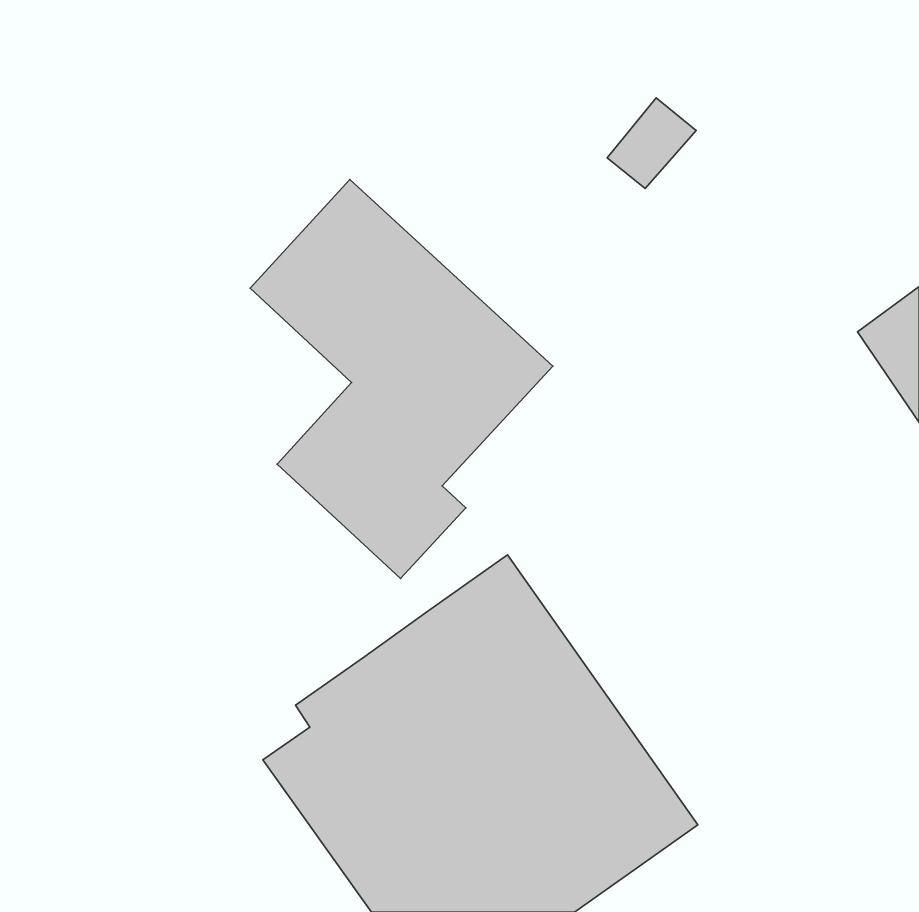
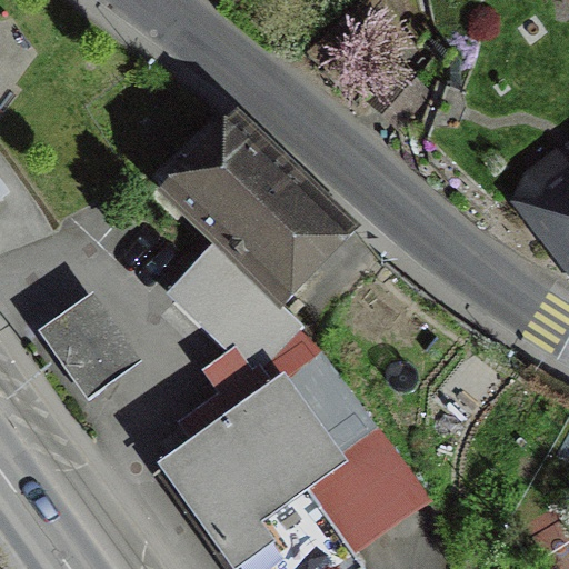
building: none -> [40,293,146,401]

